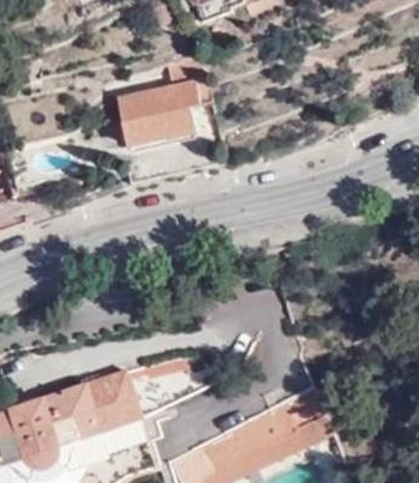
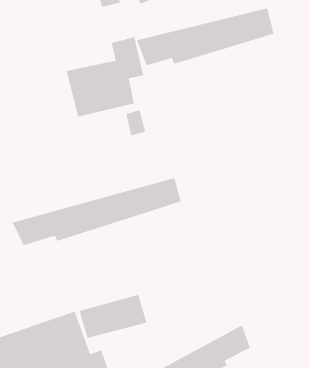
building: none -> [136,8,275,66]
building: none -> [12,177,182,246]

